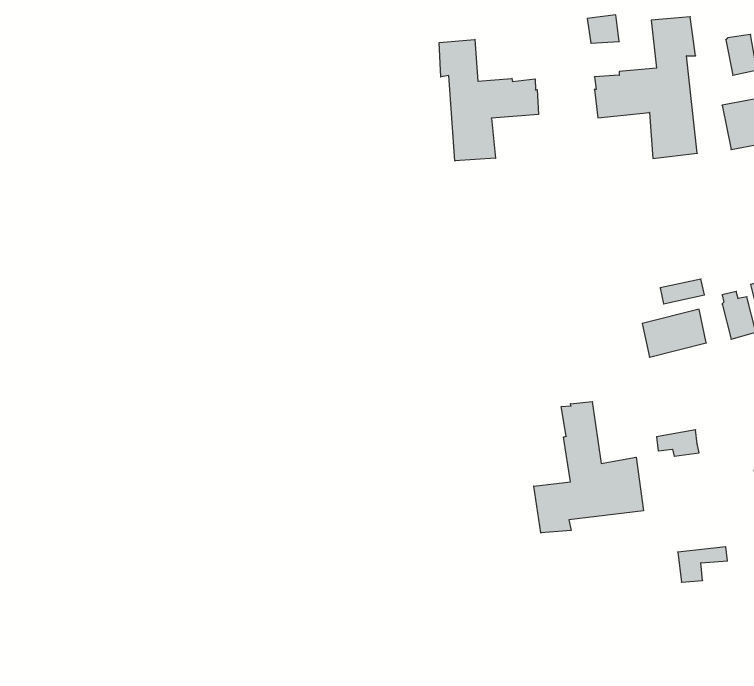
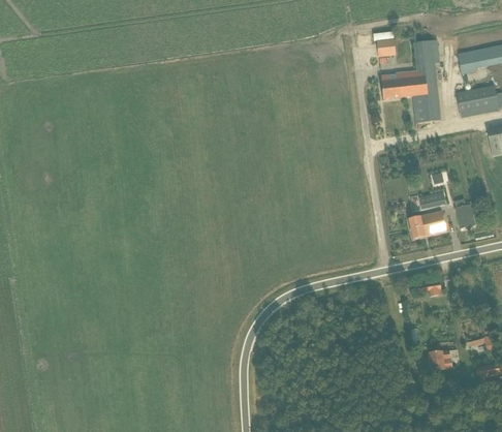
building: [439,39,538,161] -> none
building: [534,402,643,533] -> none

